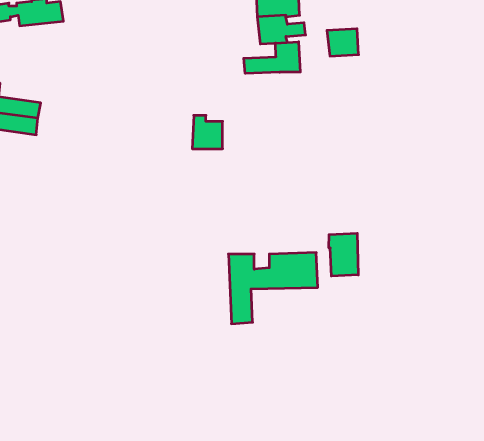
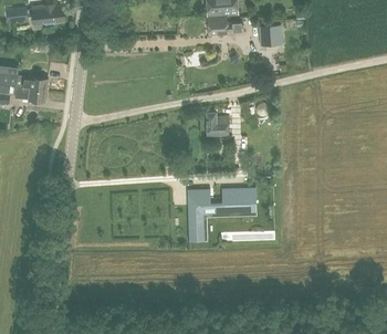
building: [244,42,300,73] -> none
building: [192,115,223,149] -> [206,112,228,136]
building: [329,233,358,276] -> none

